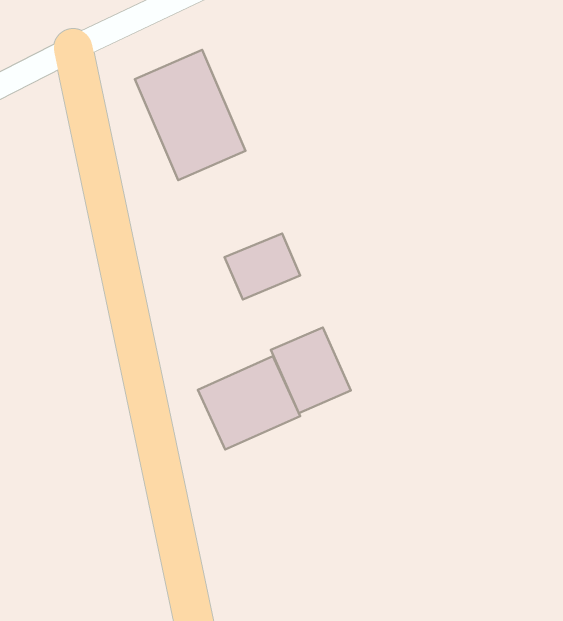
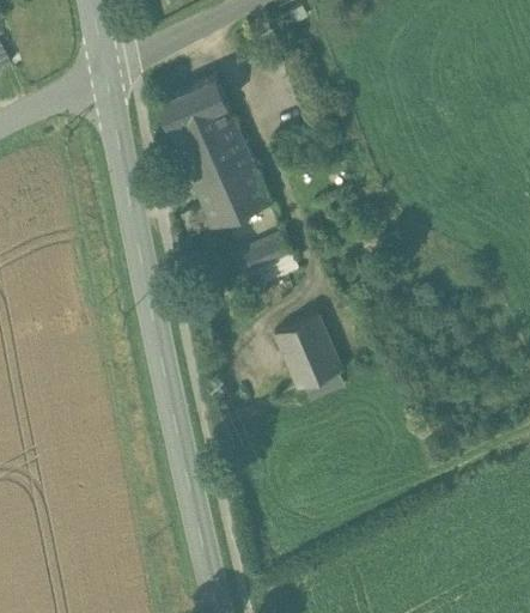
building: none -> [183,165,270,237]
building: [198,356,300,450] -> none

